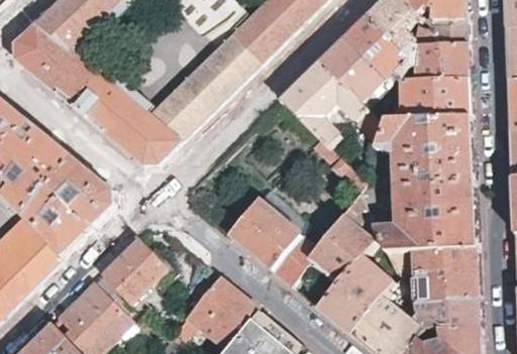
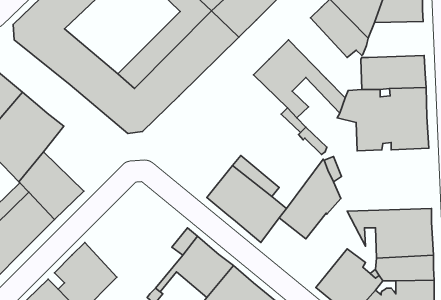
building: [318,37,383,104] -> none
building: [404,41,468,81] -> none
building: [48,156,113,228] -> none
building: [372,181,476,250] -> none
building: [102,238,169,315] -> none
building: [315,252,393,334] -> none

